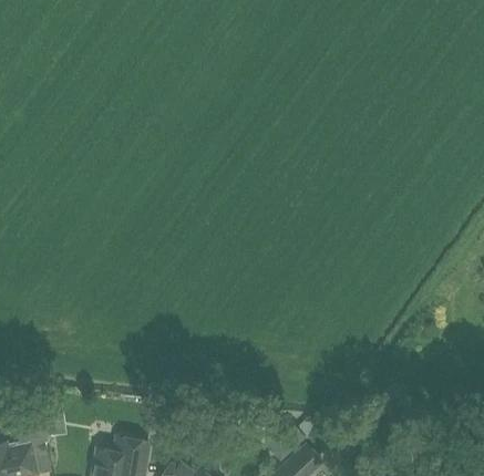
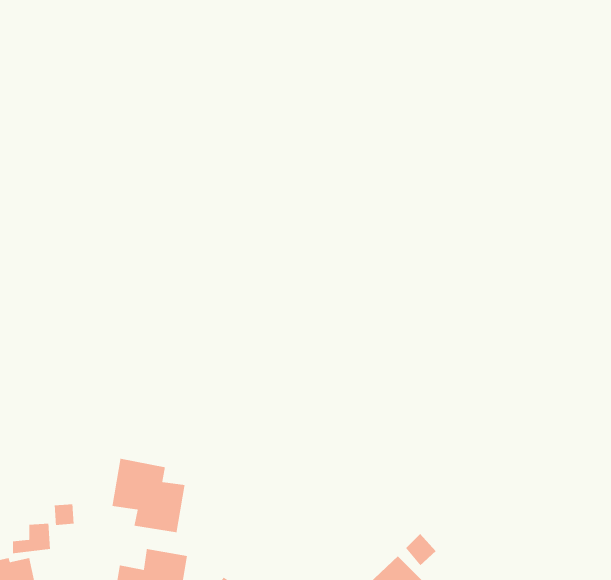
building: none -> [112,458,185,533]

